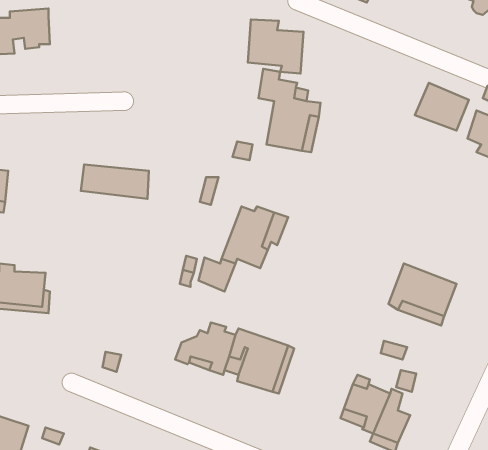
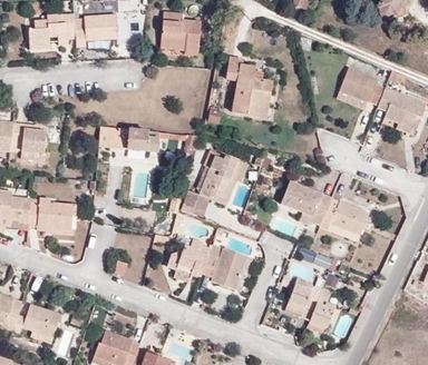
building: none -> [75,14,118,47]
building: [248,19,303,73] -> [160,12,201,51]
building: none -> [281,180,331,226]

